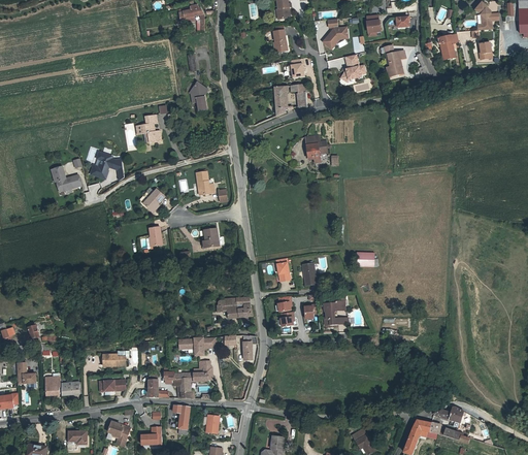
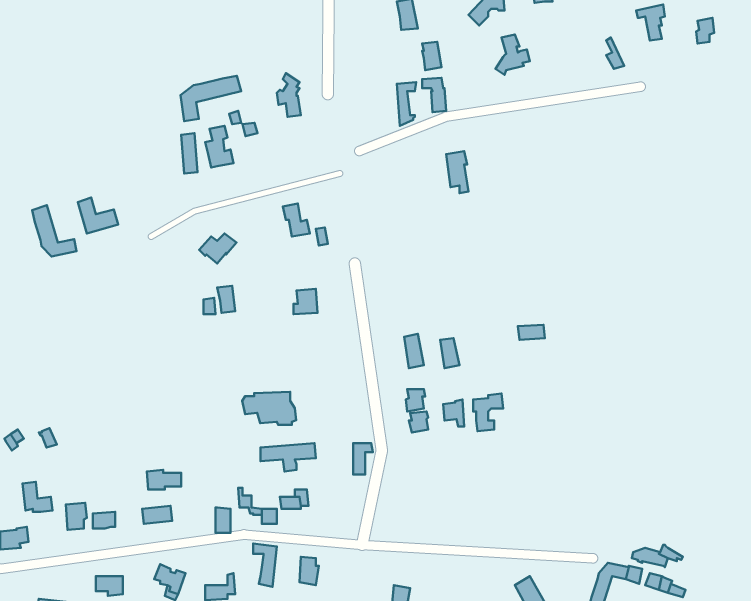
building: [381,43,405,74] -> none
building: none -> [181,76,241,121]
building: [92,154,124,180] -> none
building: none -> [32,205,77,256]
building: [218,296,255,319] -> [242,392,296,425]

